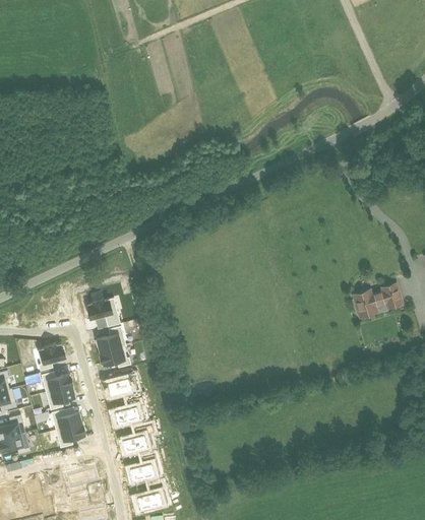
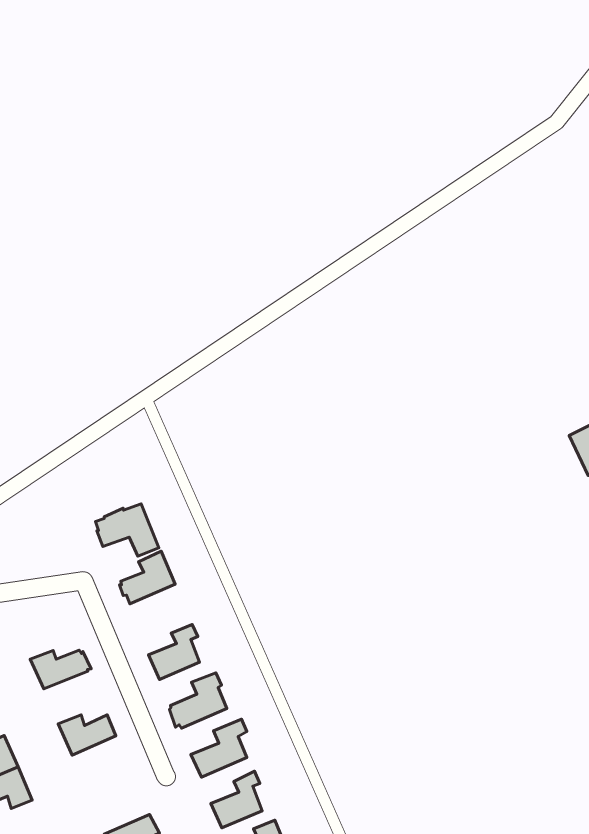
building: [38,344,65,372] -> none
building: [100,345,131,368] -> none
building: [46,386,74,410] -> none
building: [56,424,85,448] -> none

